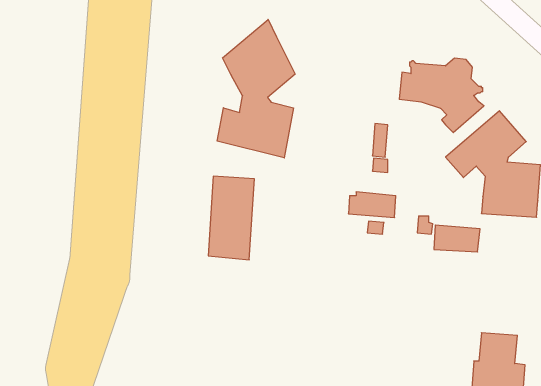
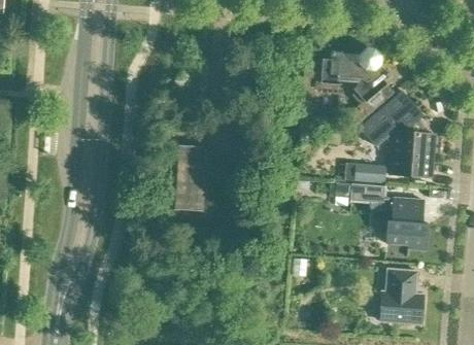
building: [217,19,295,158] -> none
building: [348,192,396,218] -> [347,162,385,182]
building: none -> [384,198,428,249]

